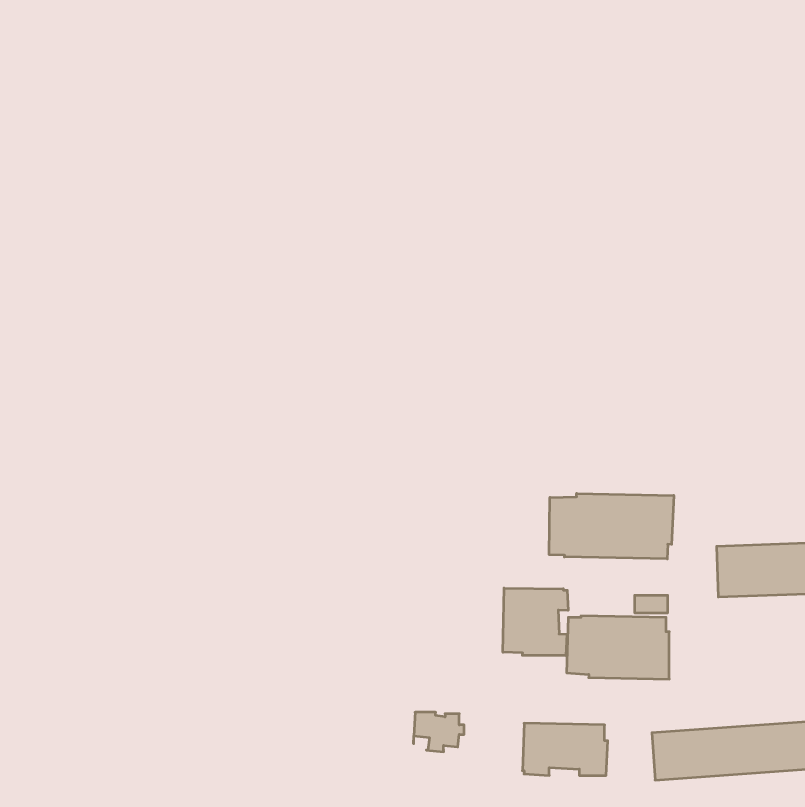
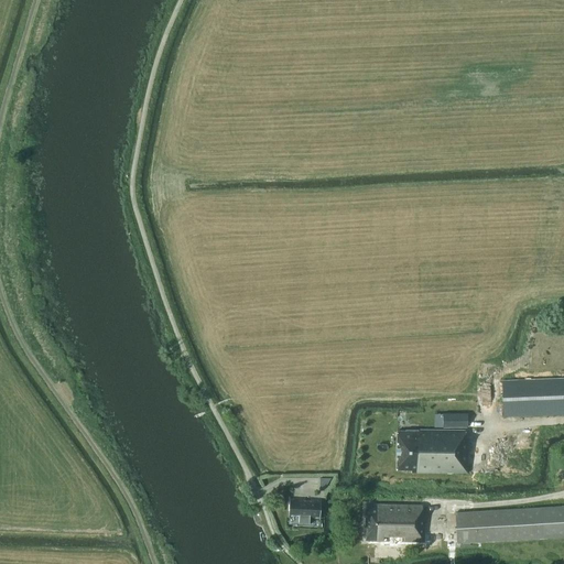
building: [549,493,674,559] -> none
building: [503,588,568,656] -> none

